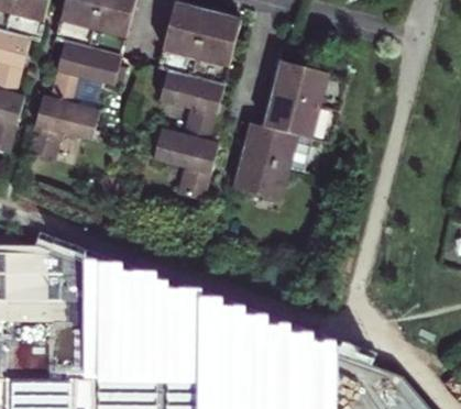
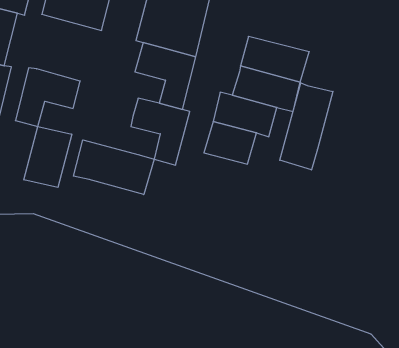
building: [51,37,121,101] -> none
building: none -> [280,83,333,170]
building: none -> [24,127,72,187]
building: none -> [73,140,154,195]

